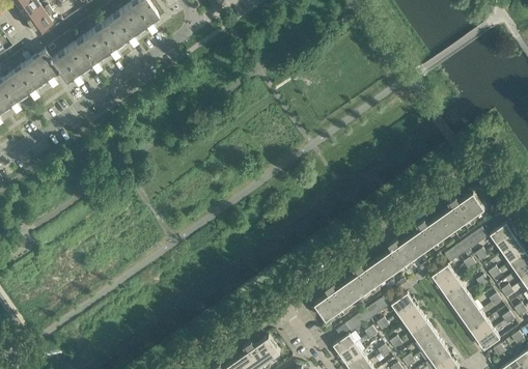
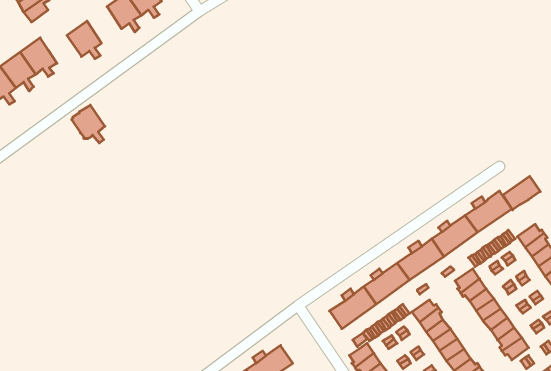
building: [88,22,120,58] -> none
building: [52,49,83,84] -> [72,105,105,143]
building: none -> [503,176,540,210]

